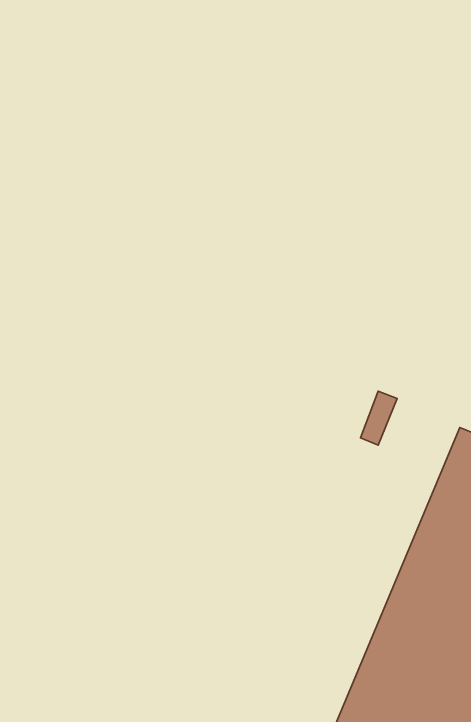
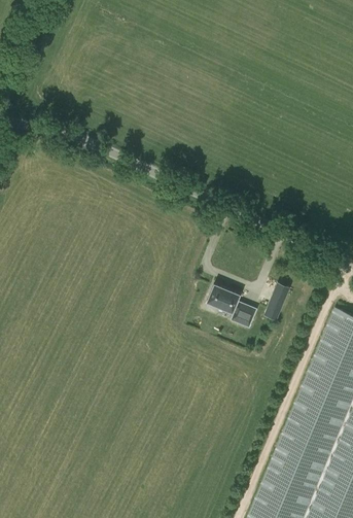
building: none -> [206,285,252,329]

